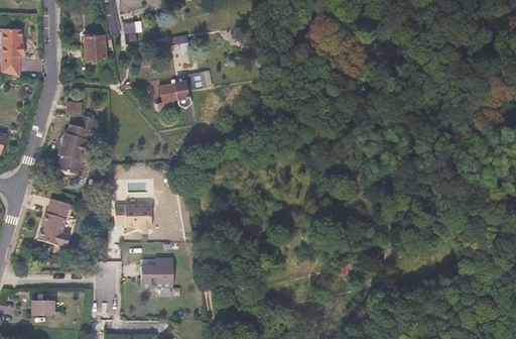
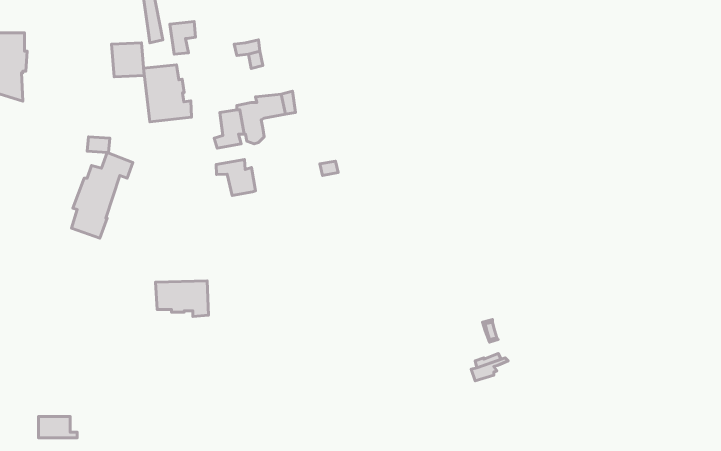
building: none -> [144,65,192,122]
building: none -> [216,160,256,196]
building: [38,198,71,247] -> none
building: [141,256,176,289] -> none

